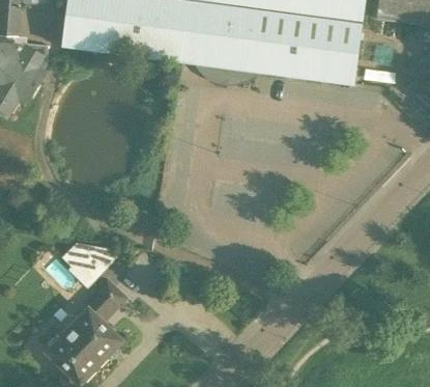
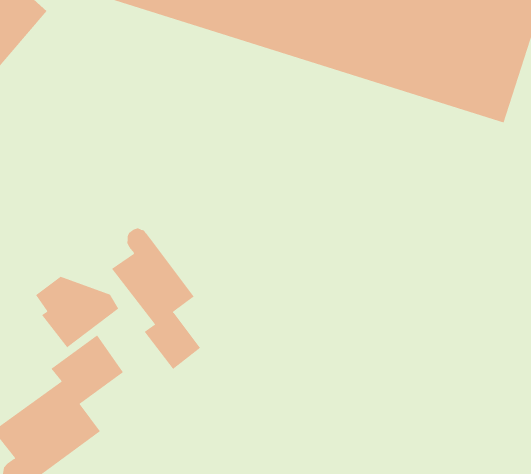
building: none -> [111,227,201,370]

